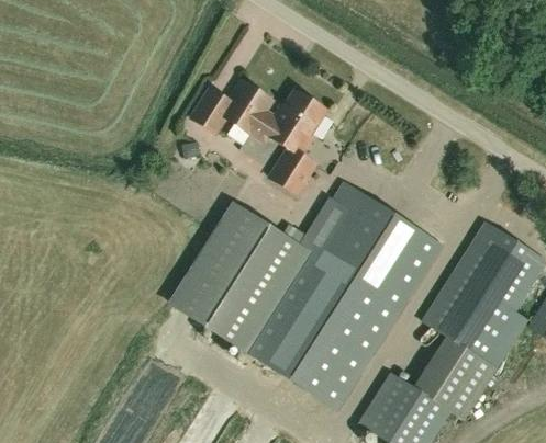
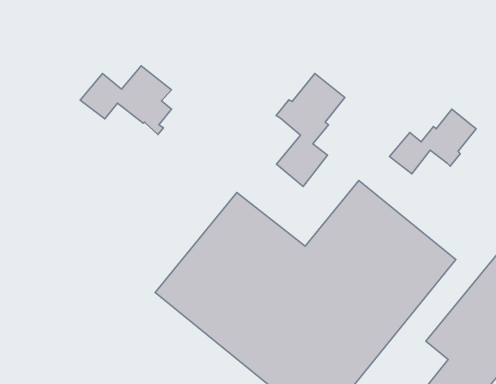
building: [191,80,275,140] -> [80,66,172,135]
building: none -> [389,109,476,174]

